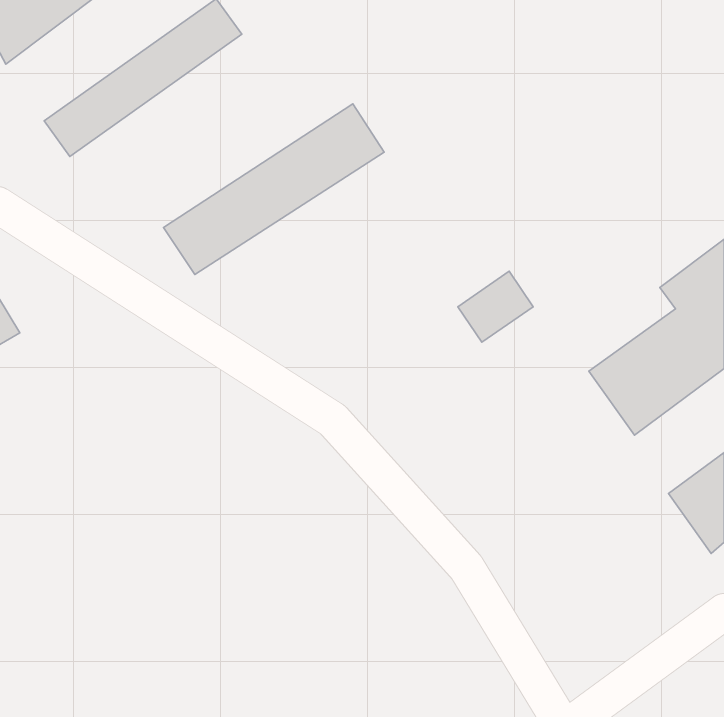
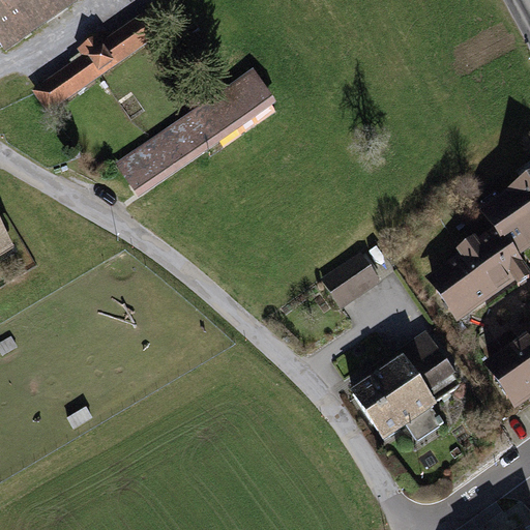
building: [458,271,533,342] -> [322,255,377,306]
building: none -> [351,325,461,438]

